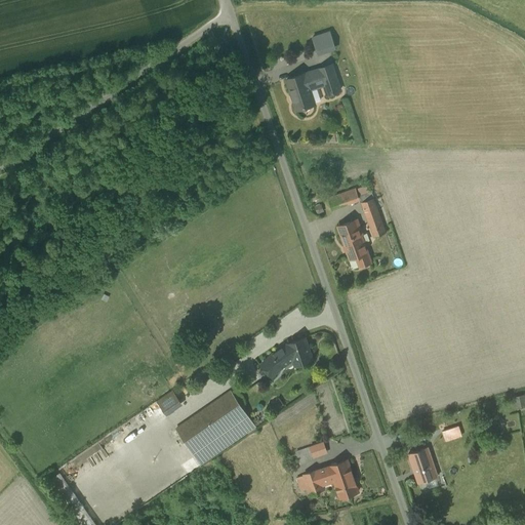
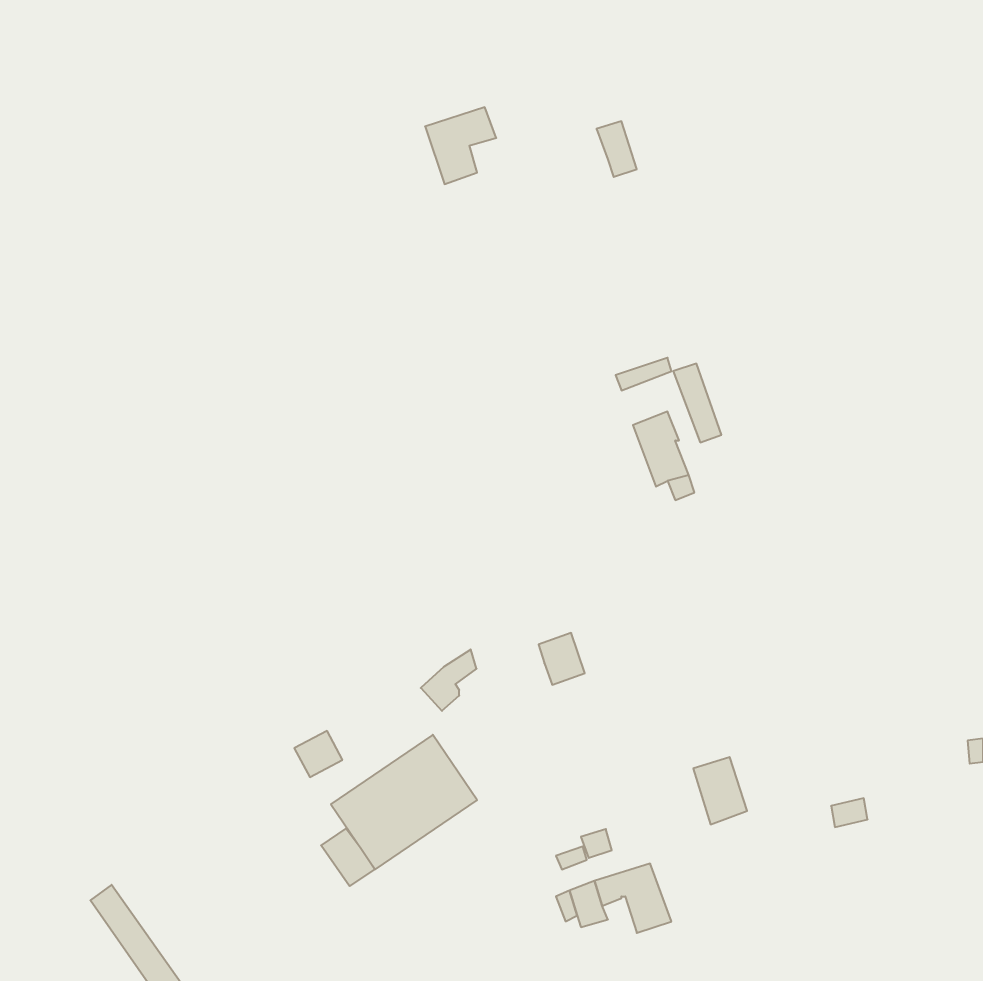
building: [312,31,336,56] -> none
building: [286,70,324,111] -> [425,107,496,184]
building: [260,345,290,377] -> [421,649,477,711]
building: none -> [321,828,375,886]
building: [408,448,437,484] -> [693,757,747,824]

